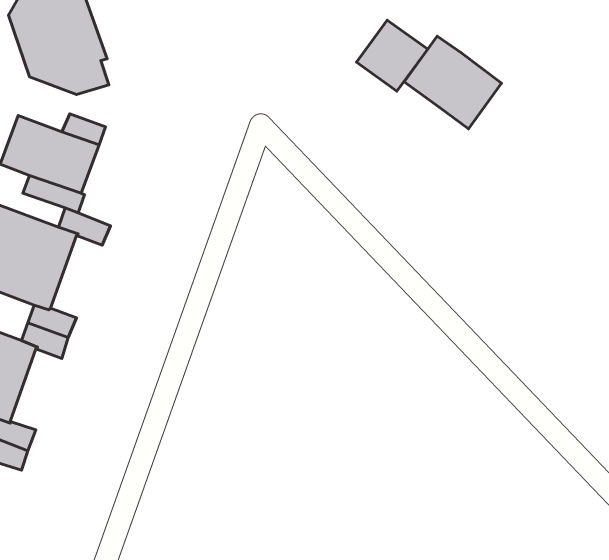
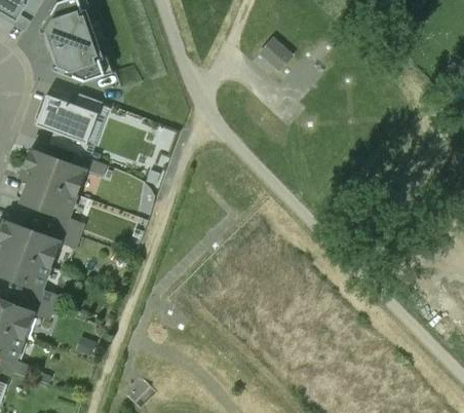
building: [404,36,501,129] -> none

